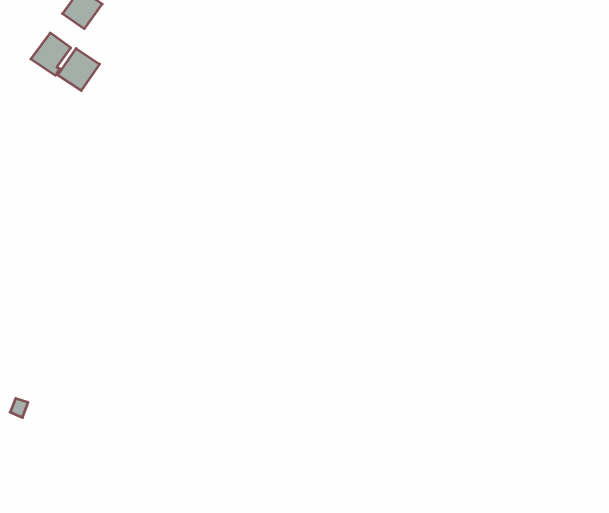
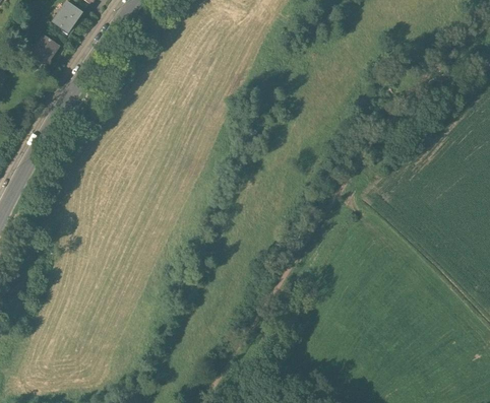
building: [58,48,100,91] -> none

